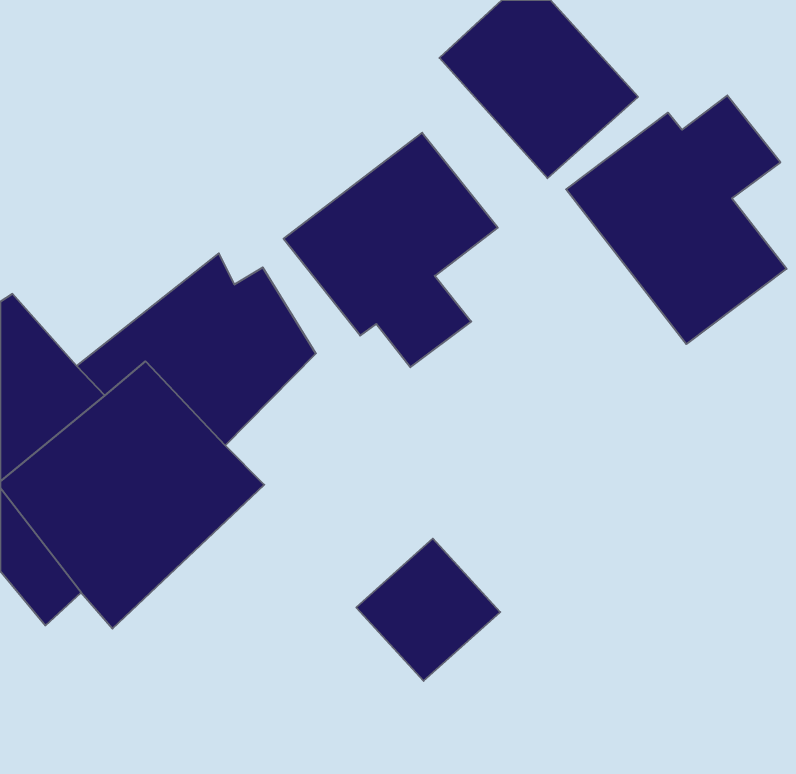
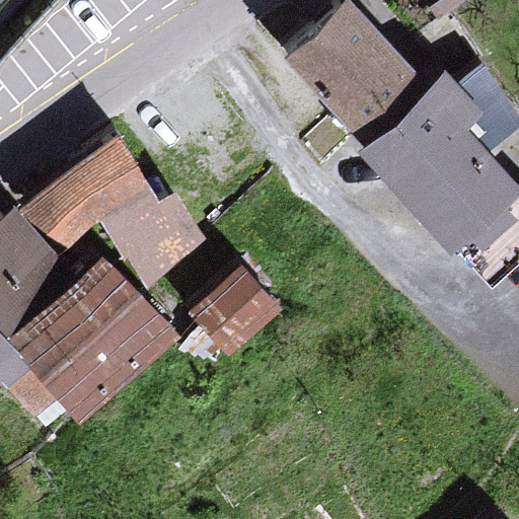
building: [284,133,498,367] -> none
building: none -> [10,130,144,253]
building: [356,539,500,681] -> [188,267,281,359]

